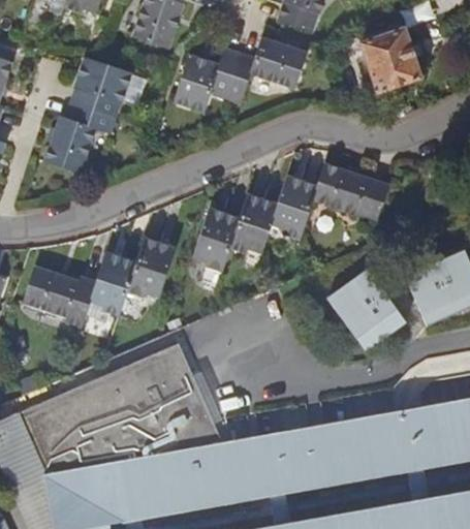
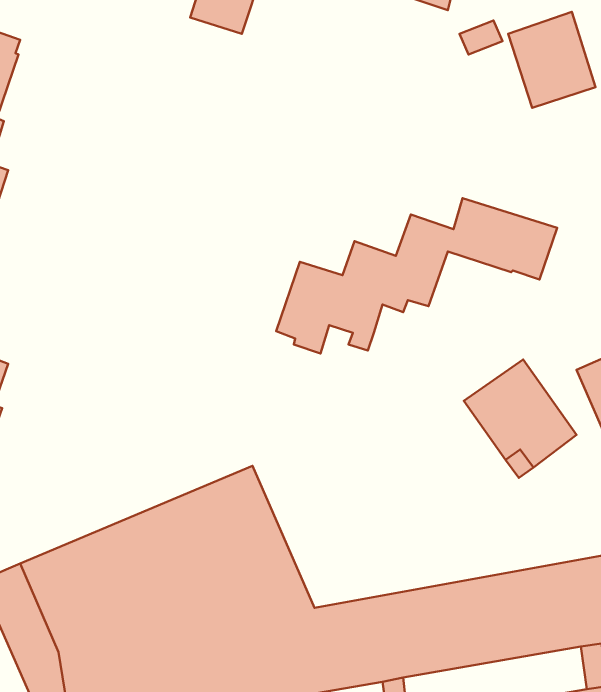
building: [175,33,307,108] -> none
building: [45,53,147,169] -> none
building: [24,234,177,321] -> none

